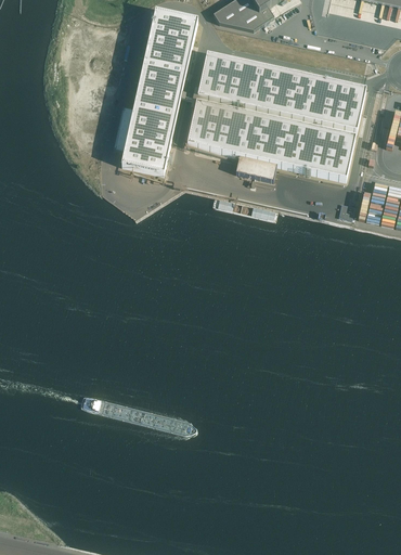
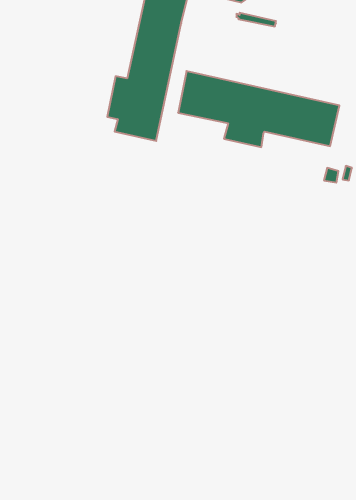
building: [196,53,365,130] -> none

